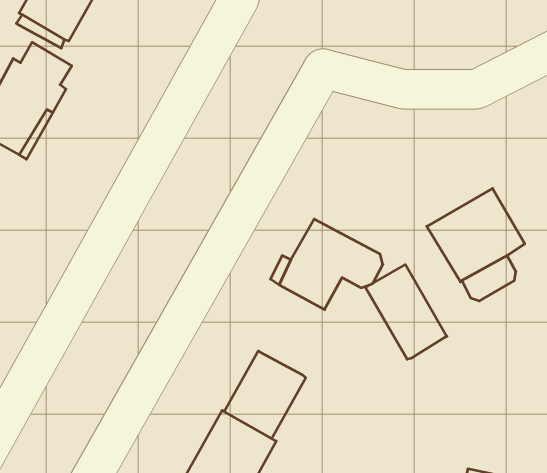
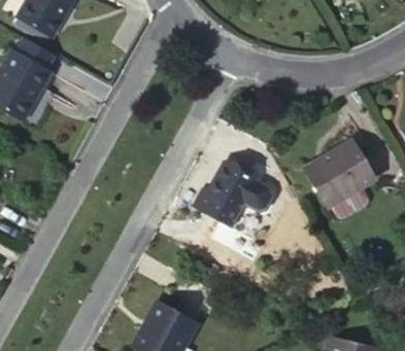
building: [366,265,447,359] -> none
building: [224,351,306,438] -> none

